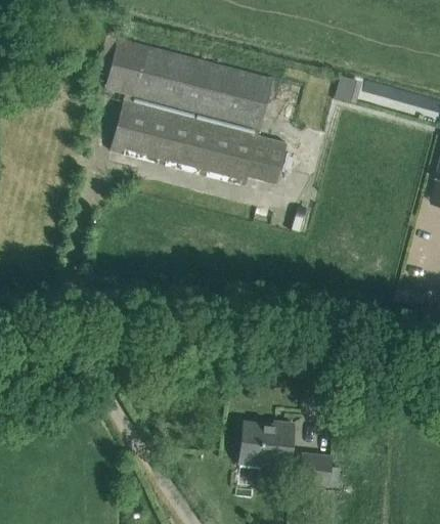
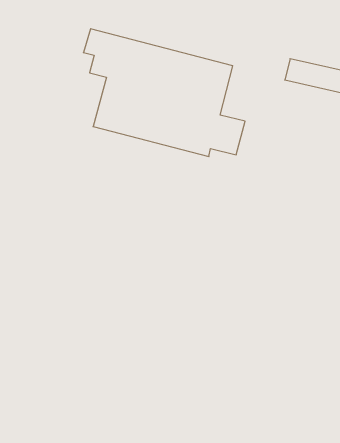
building: [240,421,295,468] -> none
building: [300,452,333,485] -> none

